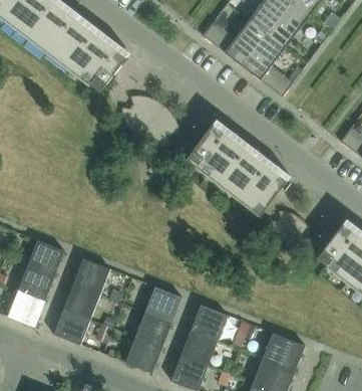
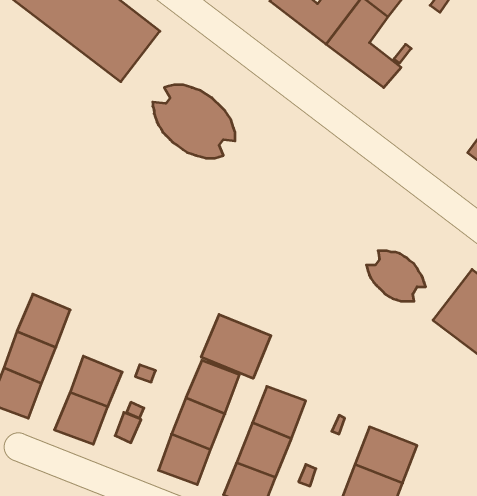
building: [187,123,287,214] -> none
building: none -> [201,314,271,378]
building: [73,257,110,294] -> none

